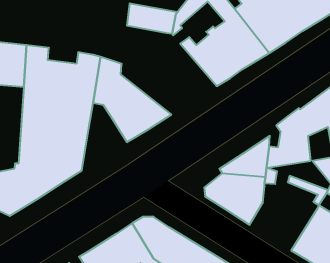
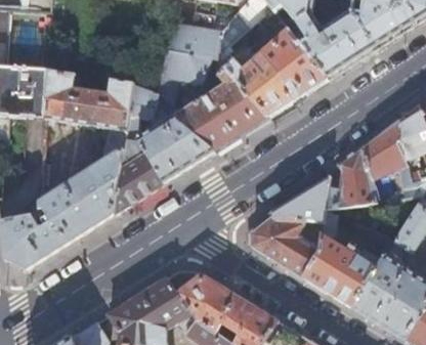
building: none -> [160,48,209,84]
building: none -> [157,69,267,150]
building: none -> [112,152,164,215]
building: none -> [305,233,383,307]

